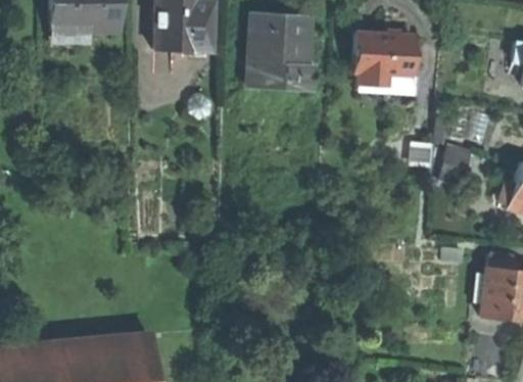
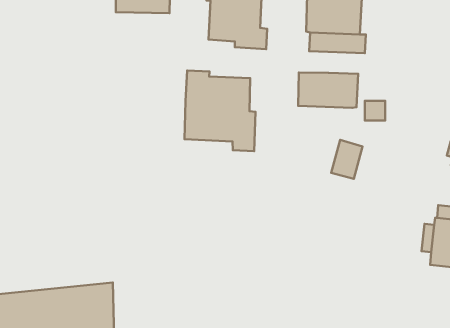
building: none -> [184,70,255,151]
building: none -> [298,73,358,108]
building: [437,144,470,185] -> [331,140,363,179]

